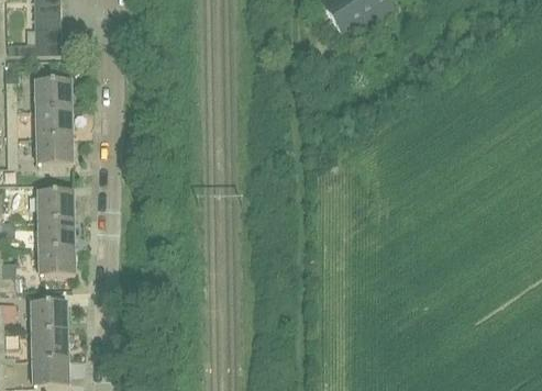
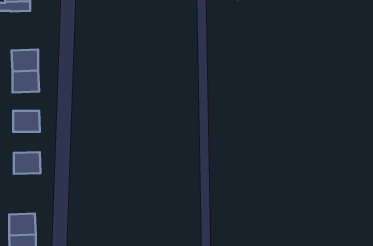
building: [33,78,70,107] -> none
building: [36,217,73,246] -> none
building: [30,301,66,329] -> none

